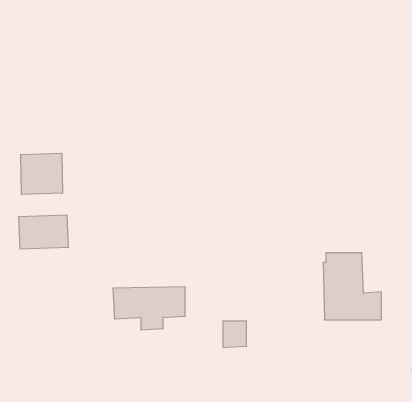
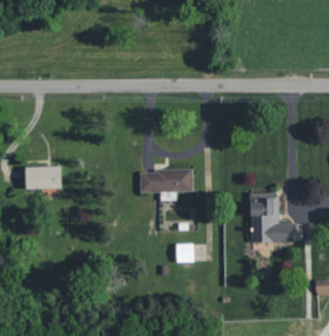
building: [21,153,62,194] -> none
building: [113,287,185,330] -> [140,170,193,201]

